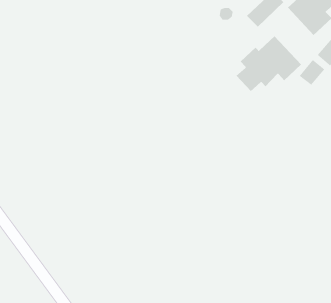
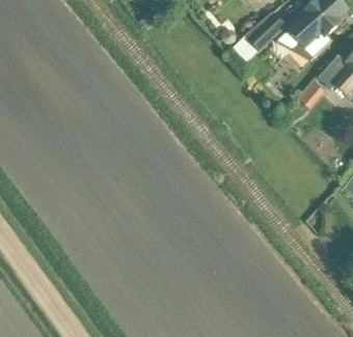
building: [236,36,302,92] -> none

